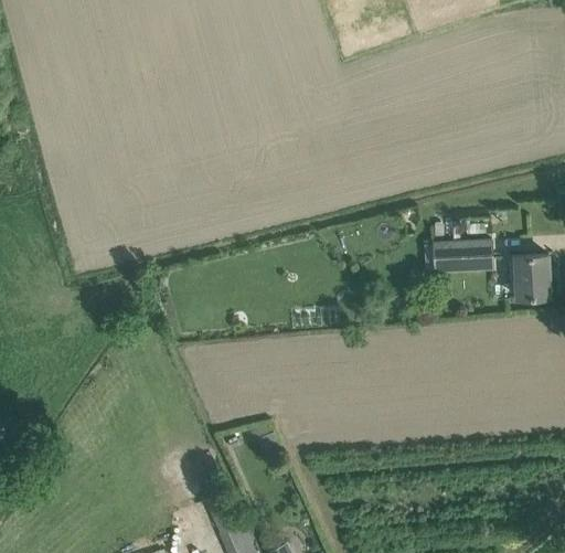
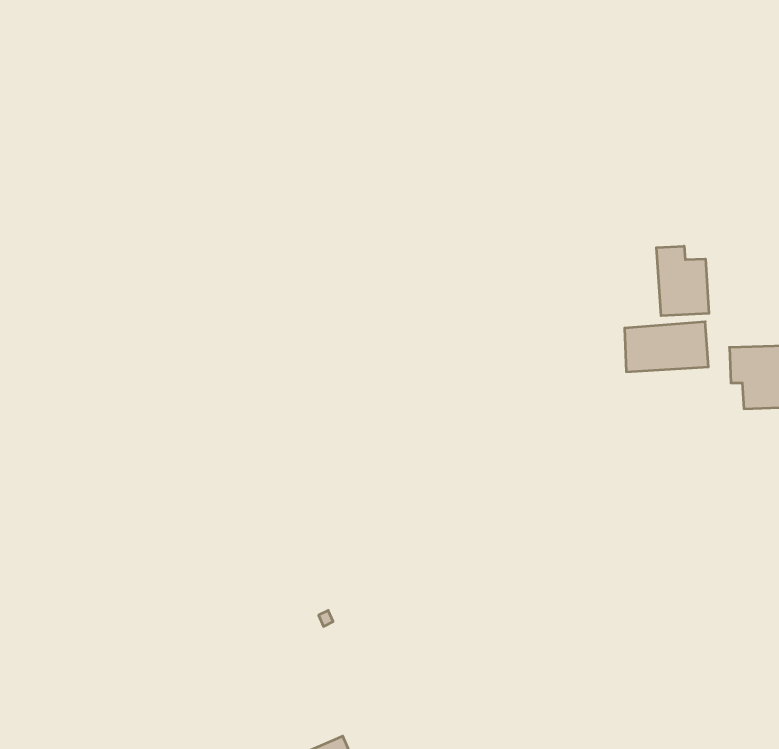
building: none -> [656,246,709,316]

